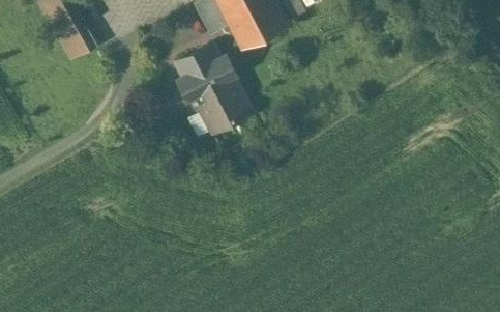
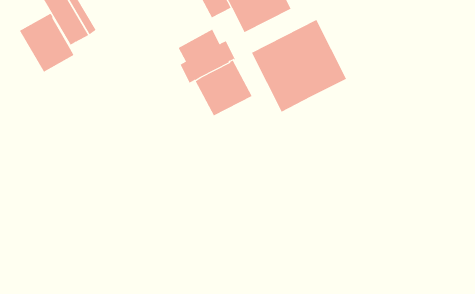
building: none -> [19,12,75,72]
building: none -> [251,19,347,113]

